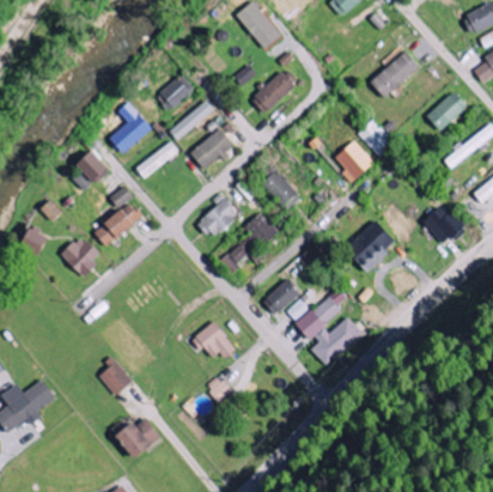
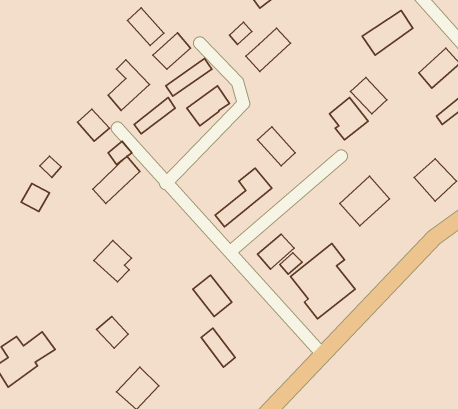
building: none -> [127,8,164,45]
building: [196,196,239,238] -> none
building: [61,235,99,277] -> [94,240,132,282]

